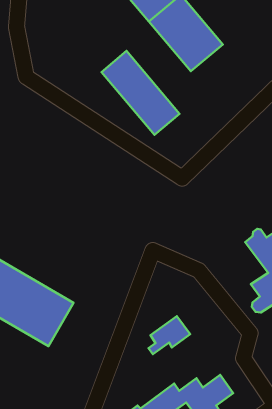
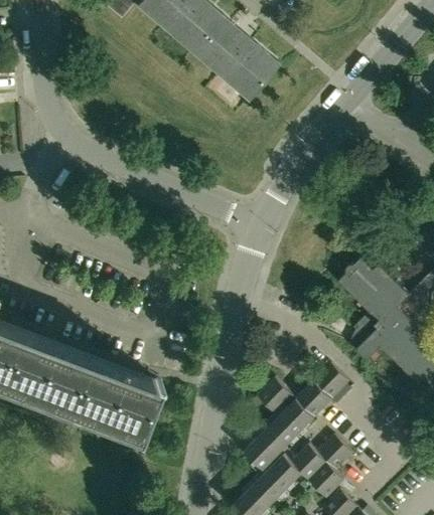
building: [102,51,180,135] -> none
building: none -> [243,364,348,469]

